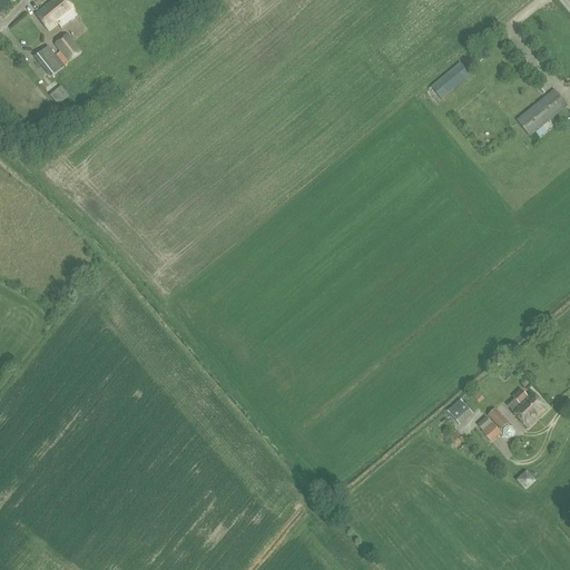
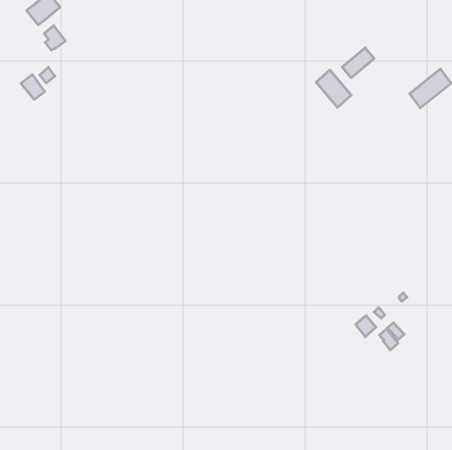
building: [35,45,65,76] -> [21,75,45,99]
building: none -> [316,70,351,107]
building: [508,387,549,426] -> none

